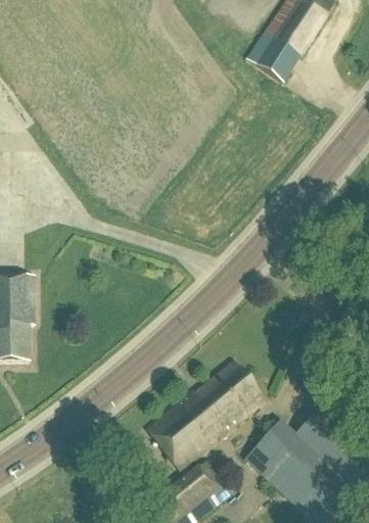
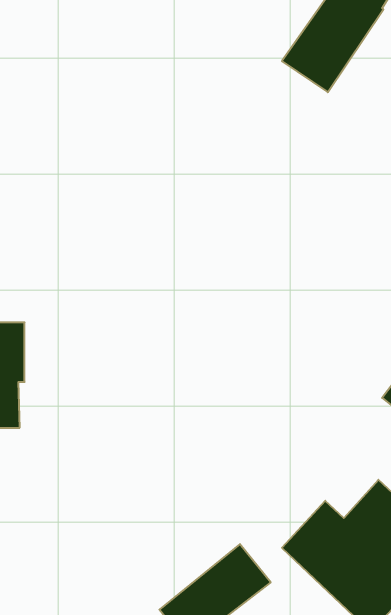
building: [145,363,263,469] -> none

